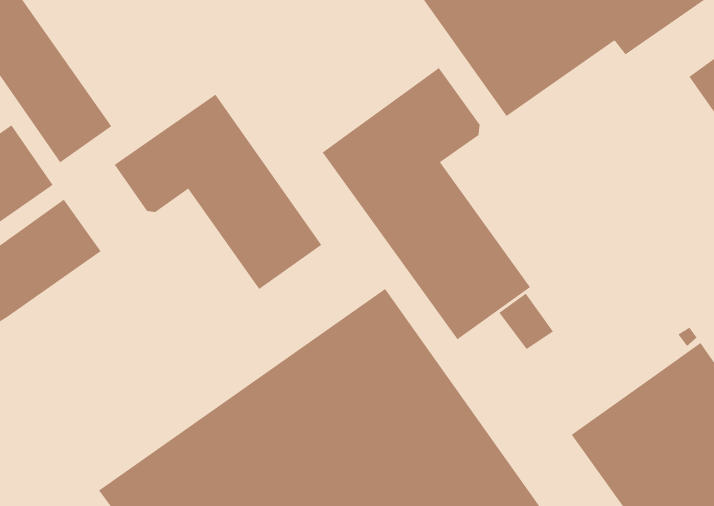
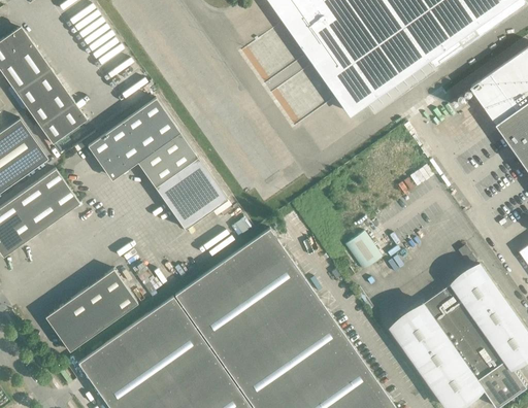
building: [322,67,531,340] -> none
building: none -> [47,269,137,351]

